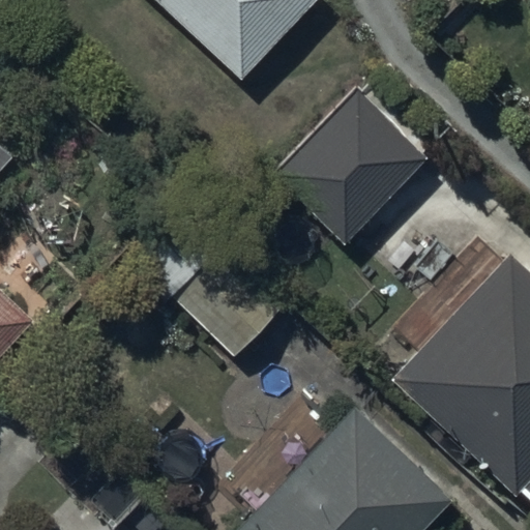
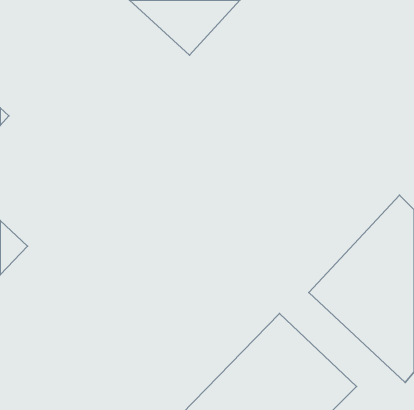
building: [272,90,429,246] -> none
building: [174,246,284,356] -> none

